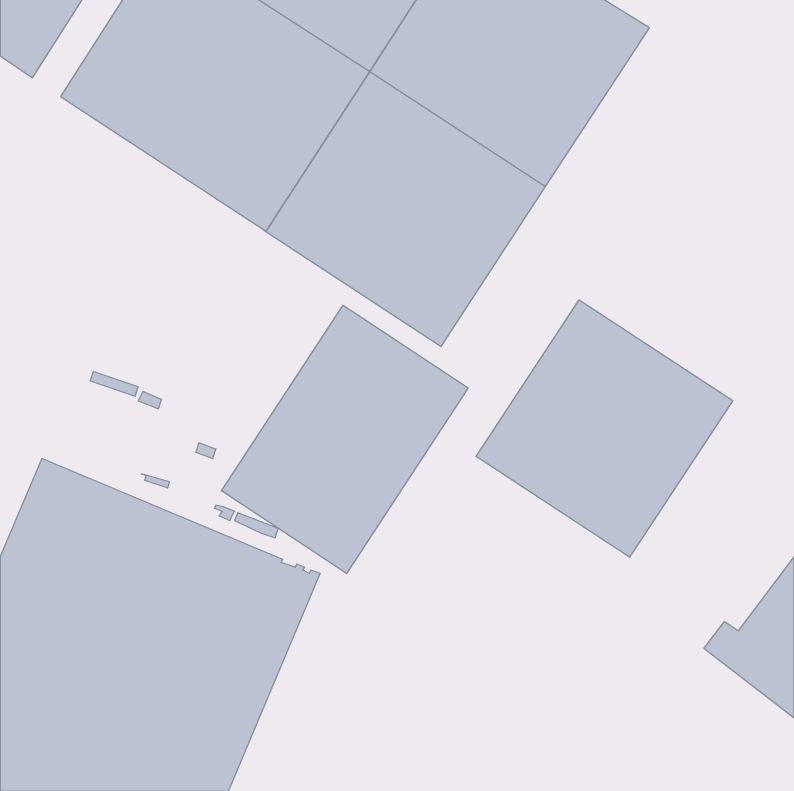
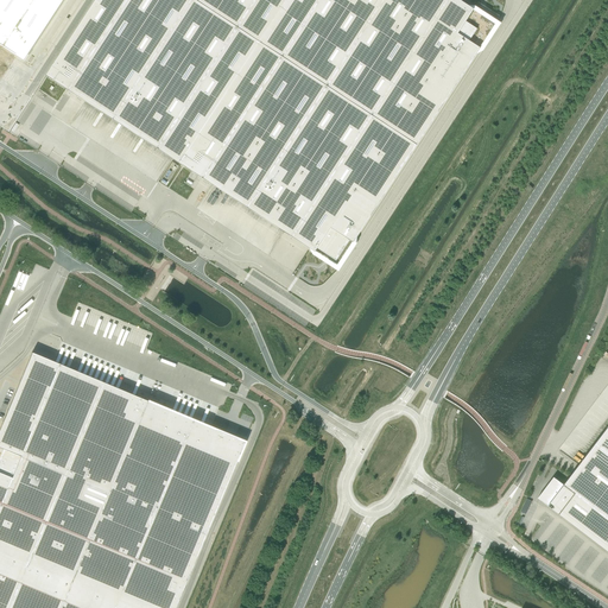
building: [476,300,733,557] -> none
building: [221,305,468,574] -> none

